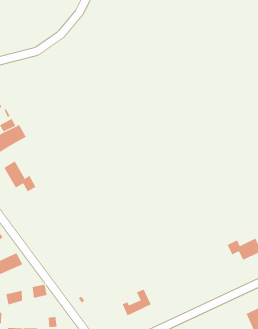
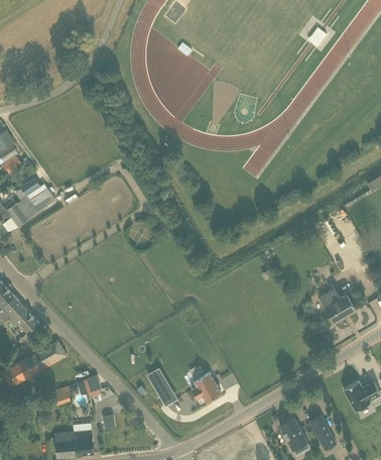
building: [4,161,36,192] -> none
building: none -> [149,367,177,406]

